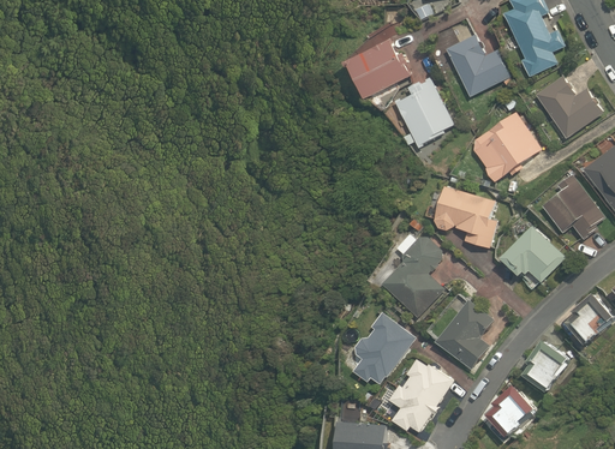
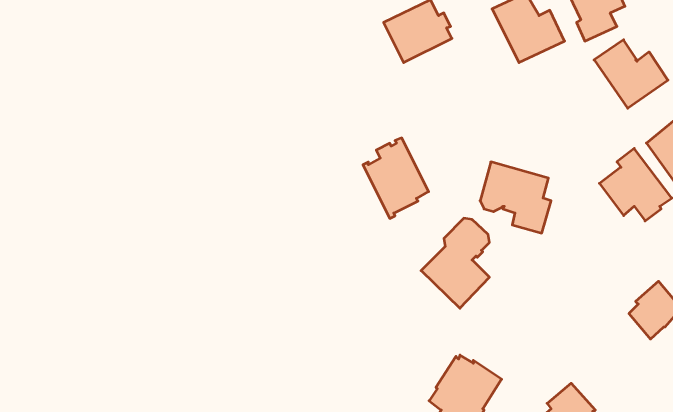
building: [394,77,453,149] -> [363,138,429,218]
building: [474,112,541,182] -> none
building: [503,226,567,283] -> none
building: [435,299,494,370] -> none
building: [352,313,414,384] -> none
building: [524,339,569,391] -> none

